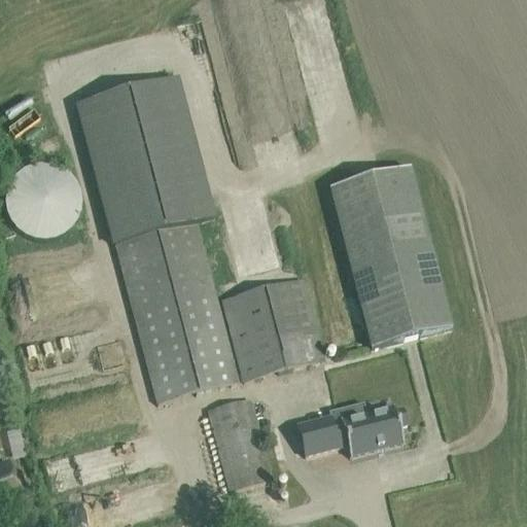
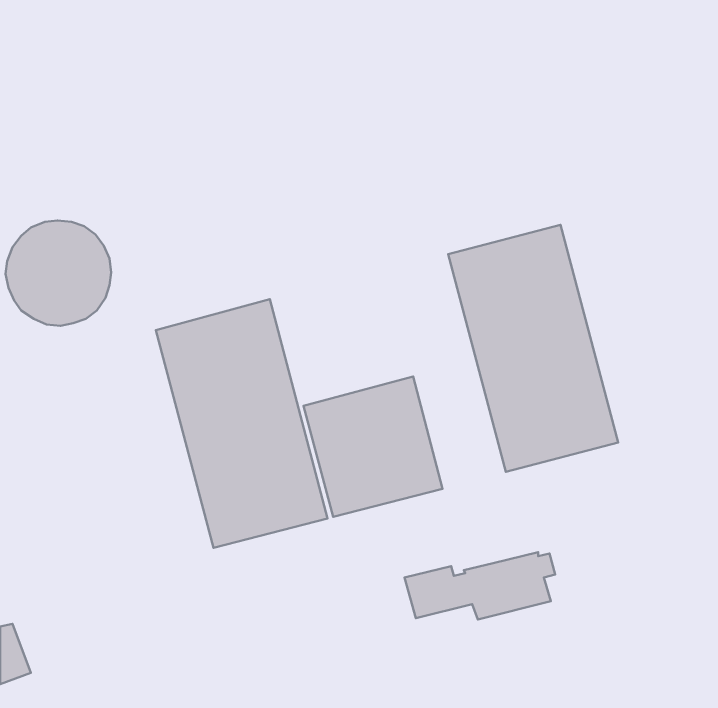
building: [77,75,211,242] -> none
building: [208,396,272,489] -> none

